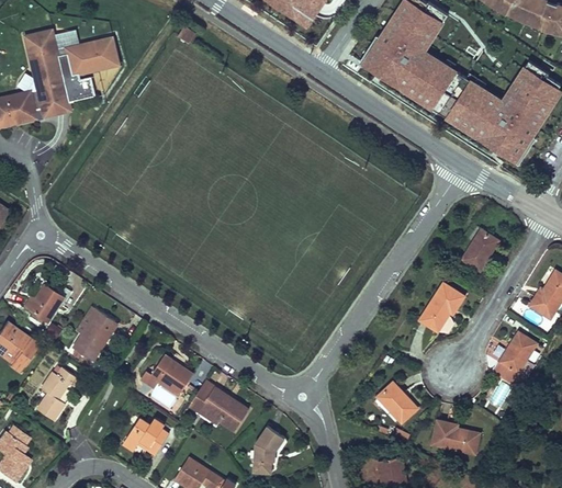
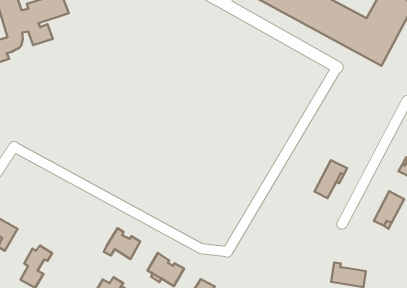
building: [40,87,69,120] -> none
building: [464,228,502,271] -> none
building: [15,284,57,322] -> none
building: [65,315,105,359] -> none
building: [376,379,418,421] -> none

